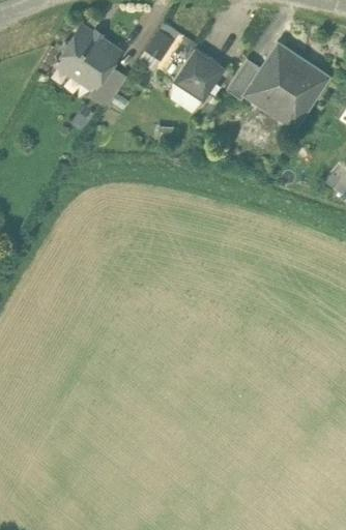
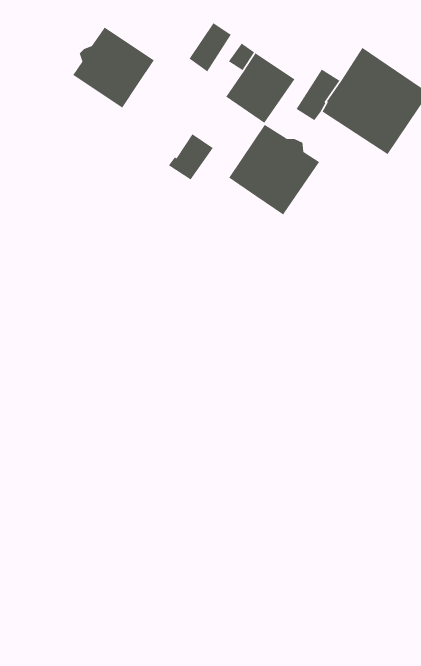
building: [88,71,123,108] -> [168,133,214,180]
building: none -> [228,124,320,216]

